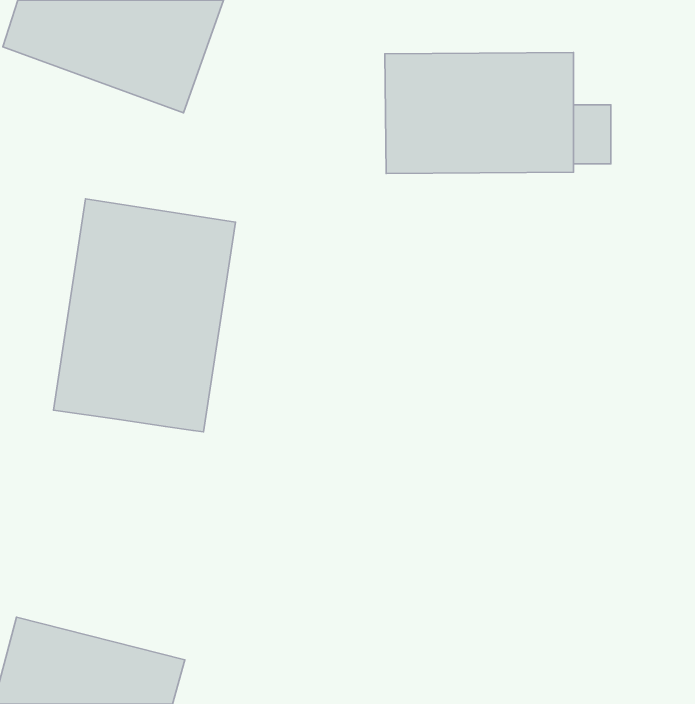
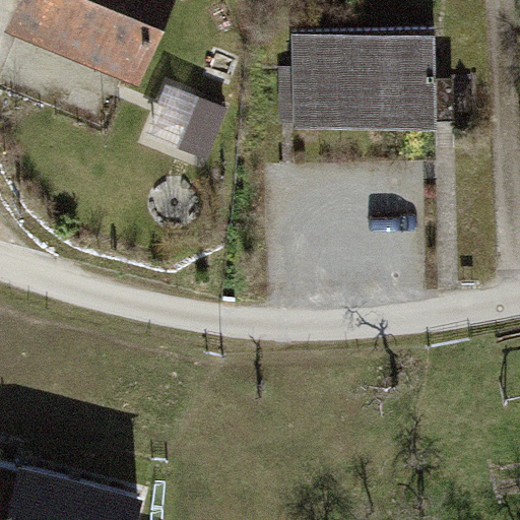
building: none -> [156,86,225,150]
building: [53,199,236,432] -> none

